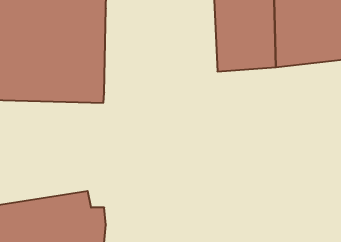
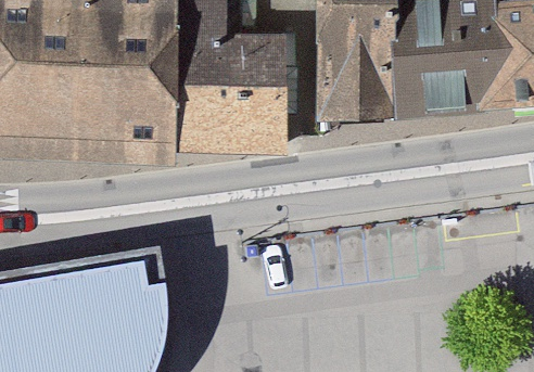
building: none -> [171,26,276,143]

